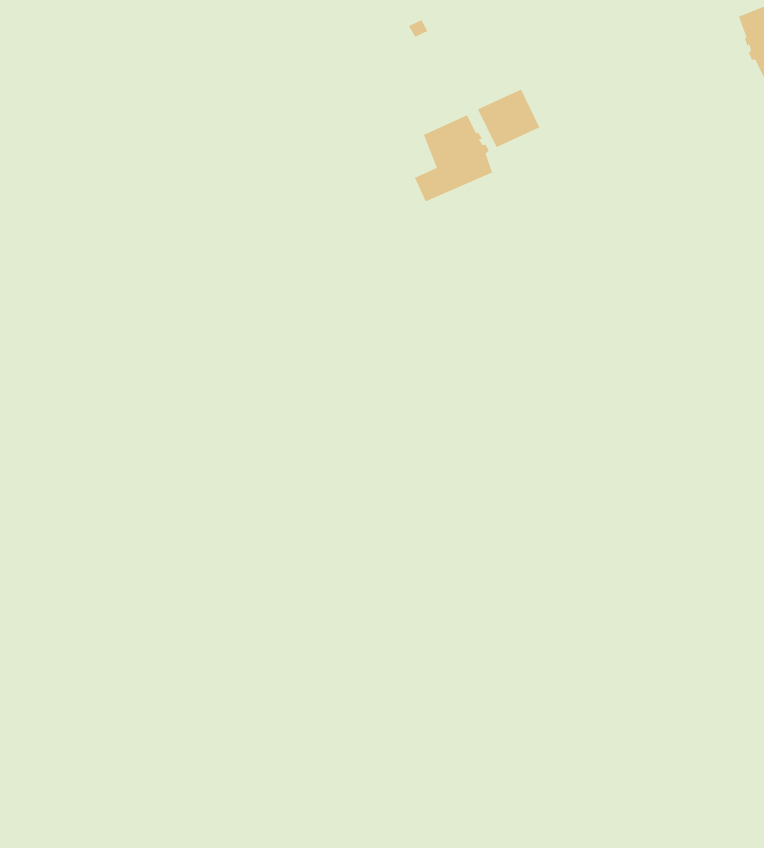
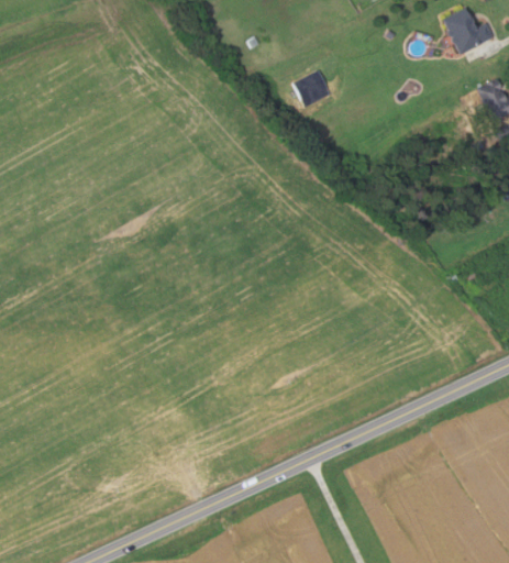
building: [414,114,493,202] -> none

